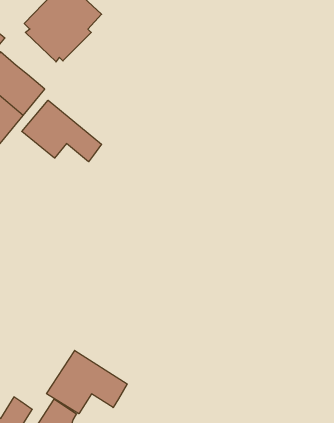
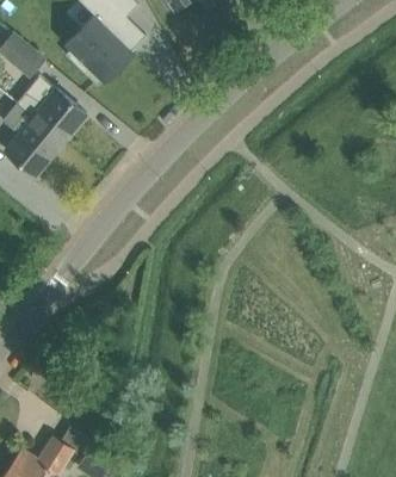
building: [22,100,102,162] -> none
building: [47,350,127,414] -> none

